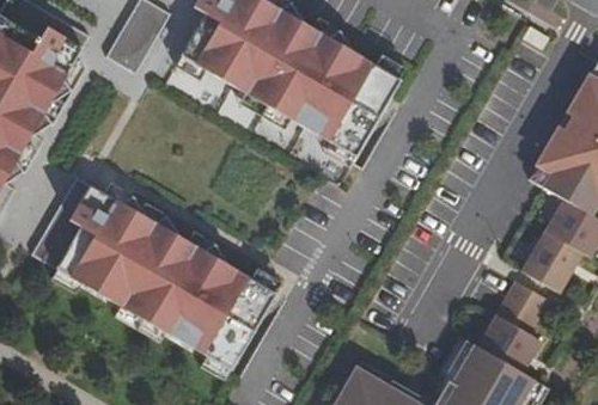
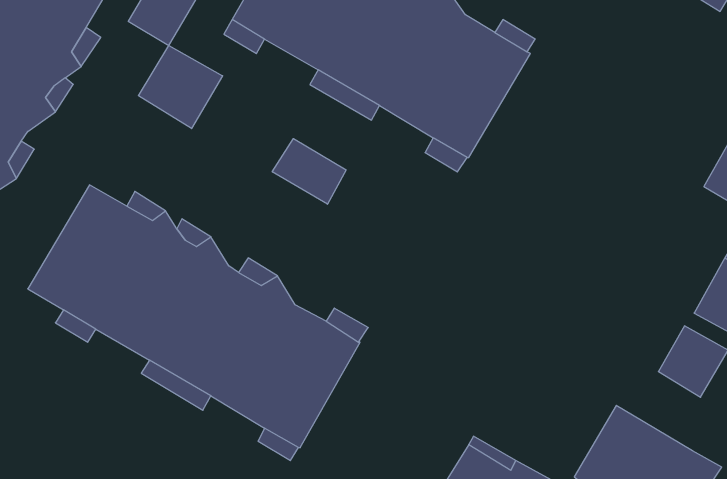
building: none -> [138,45,223,129]
building: none -> [272,139,346,204]
building: [477,315,541,374] -> none

